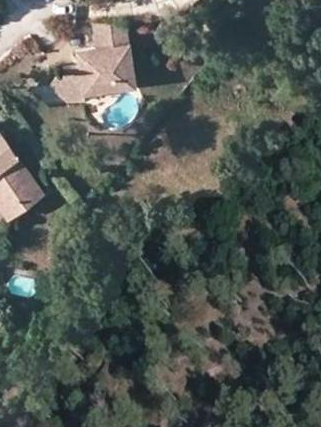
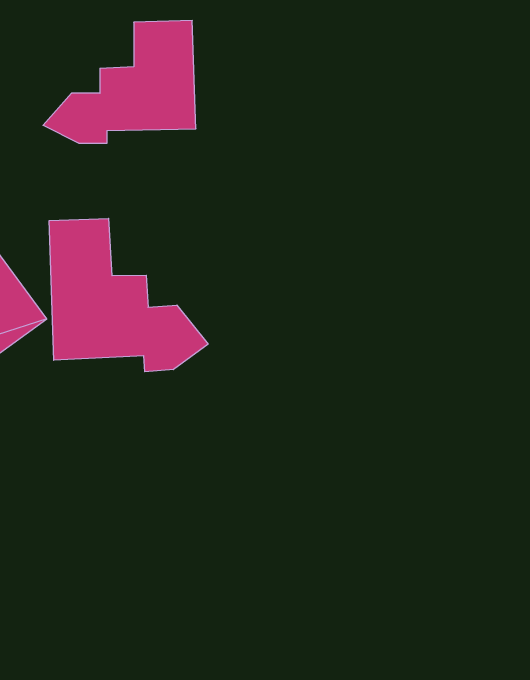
building: none -> [49,218,208,372]

